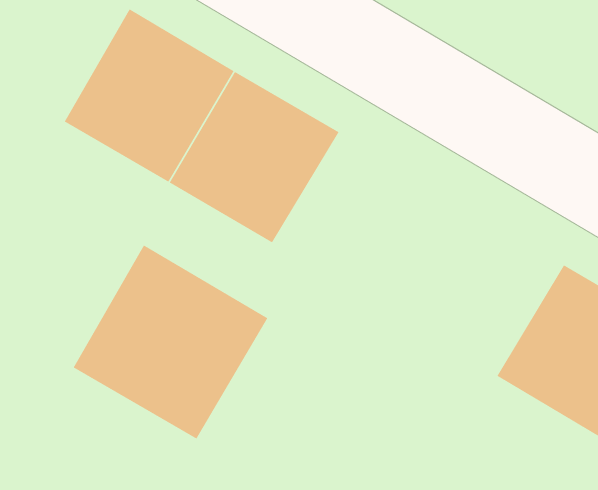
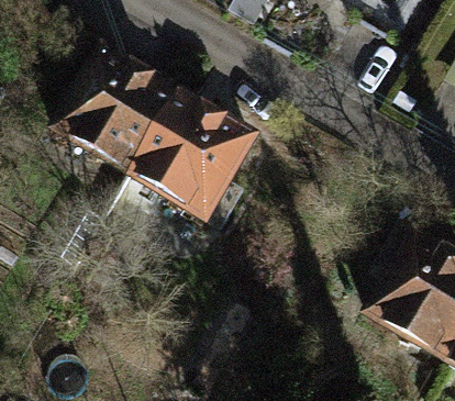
building: [73,244,268,439] -> none

